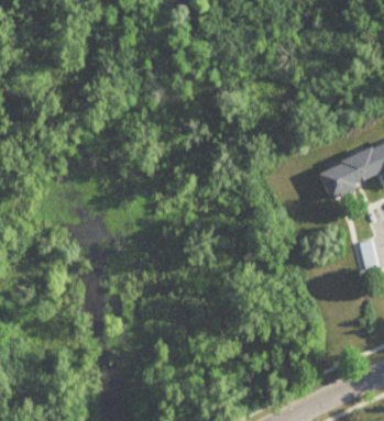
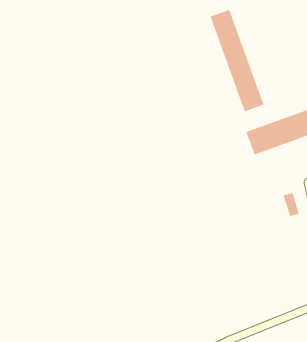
building: none -> [210,9,264,112]

